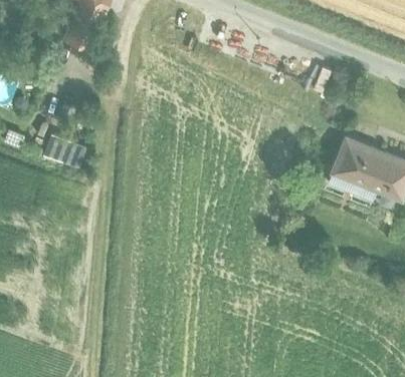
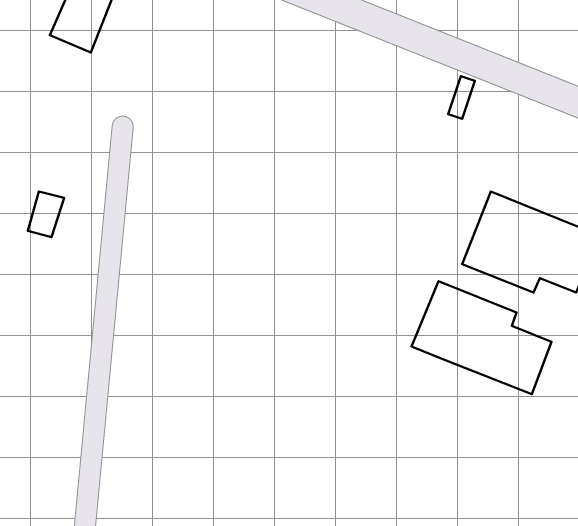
building: none -> [412,281,552,394]

